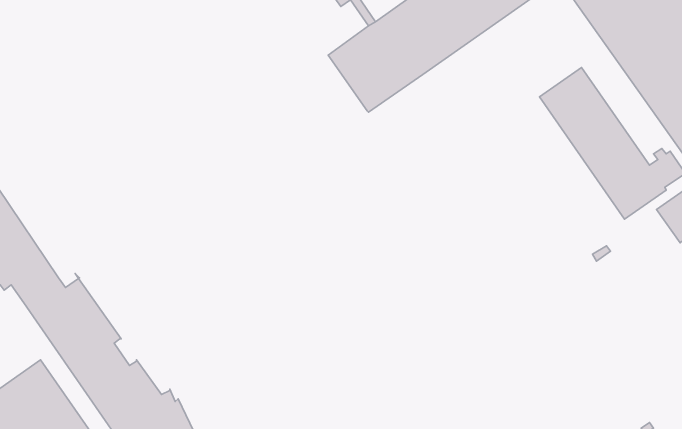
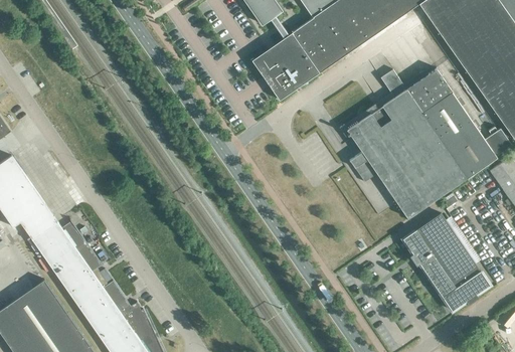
building: none -> [339,69,467,218]
building: none -> [402,213,489,311]

